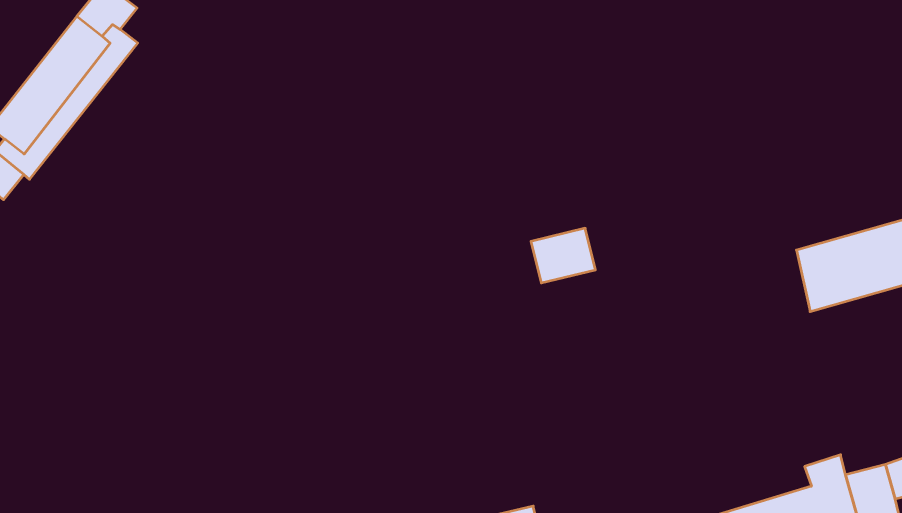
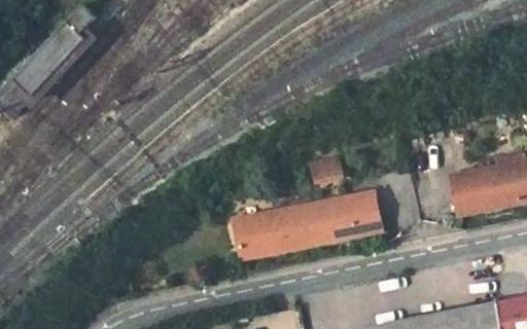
building: none -> [240,194,386,255]

